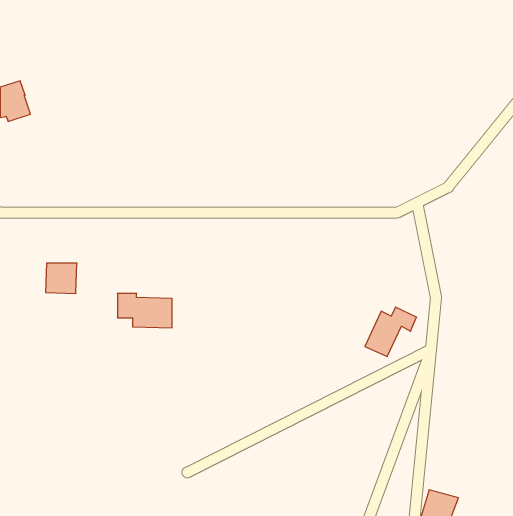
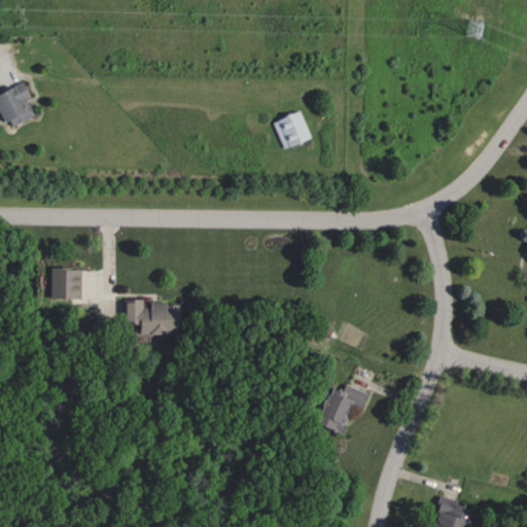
building: none -> [274,110,311,148]
building: [365,307,417,357] -> [315,383,367,433]

